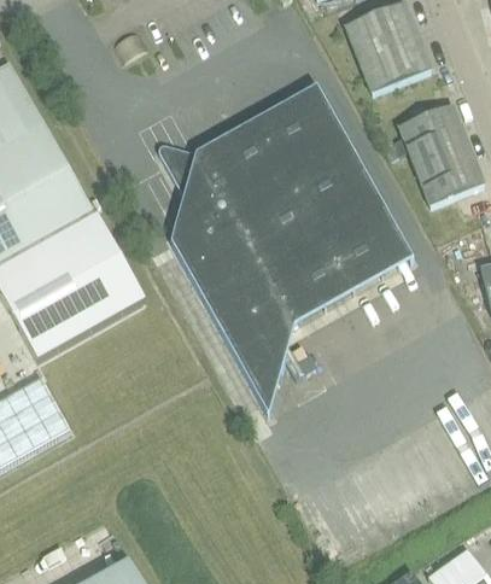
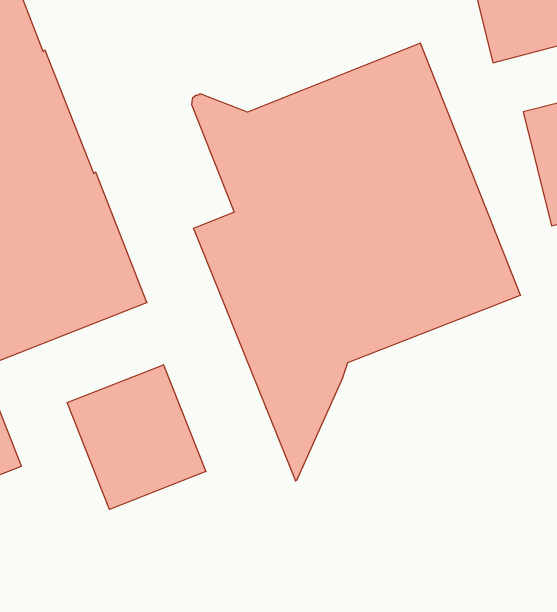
building: none -> [67,365,206,509]

